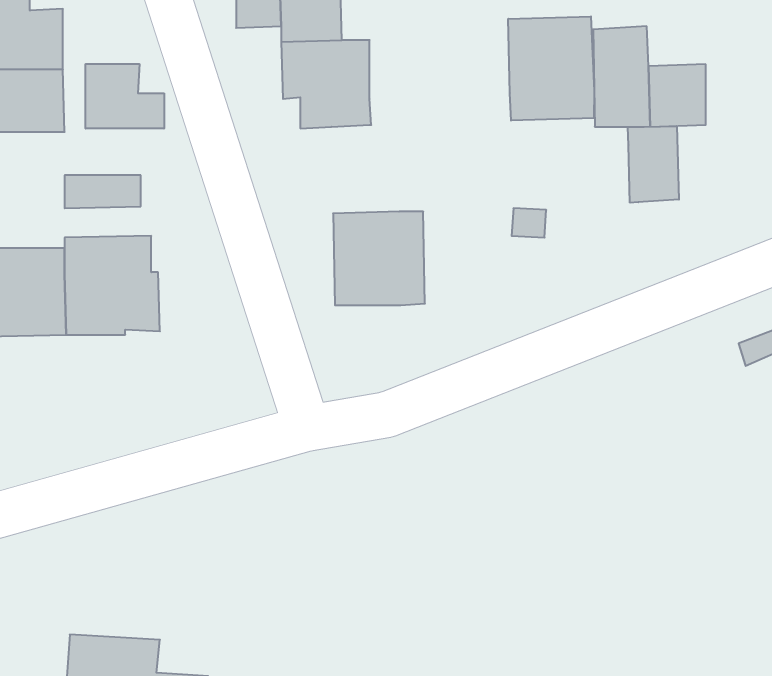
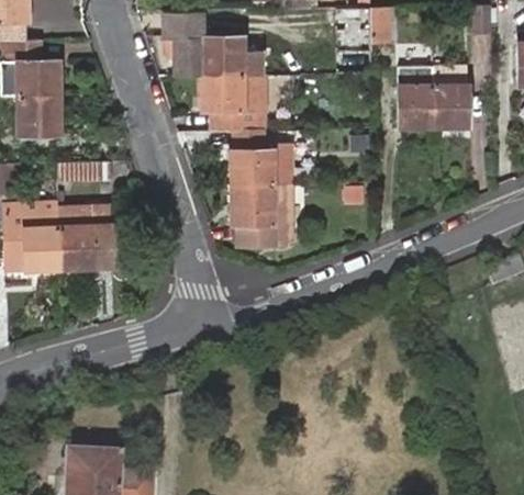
building: [508,16,594,121] -> none
building: [86,64,164,129] -> none
building: none -> [232,131,275,187]
building: [628,126,679,203] -> none

